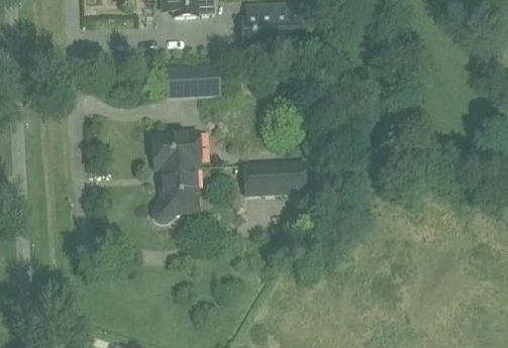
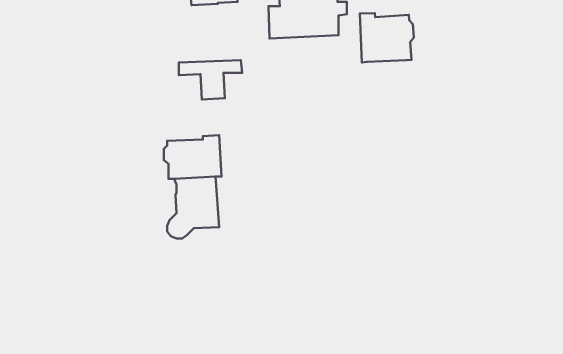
building: none -> [360,13,414,62]
building: [244,160,316,195] -> none

